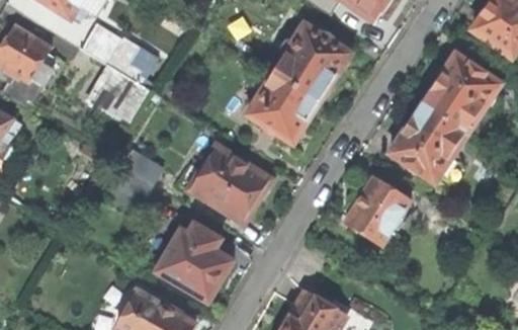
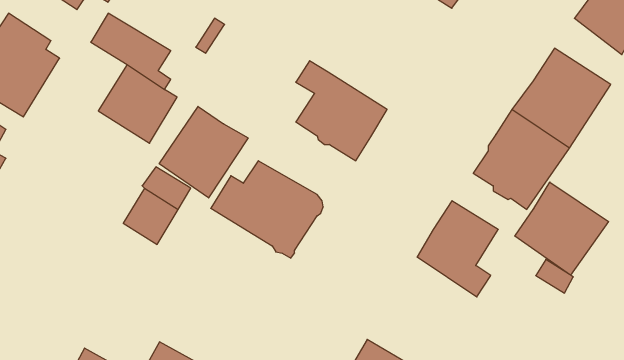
building: [273,22,353,101] -> none
building: none -> [159,106,248,198]
building: none -> [515,182,609,275]
building: [157,221,232,300] -> none

